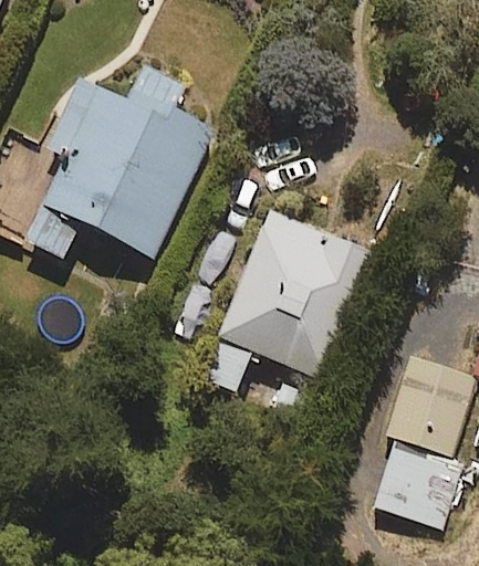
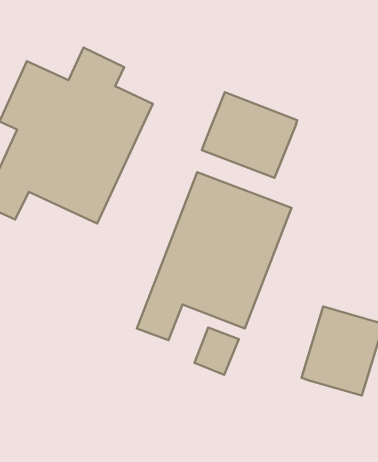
building: none -> [202,92,297,178]
building: [374,440,462,526] -> none

